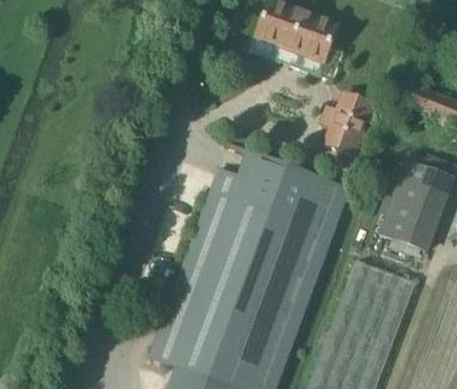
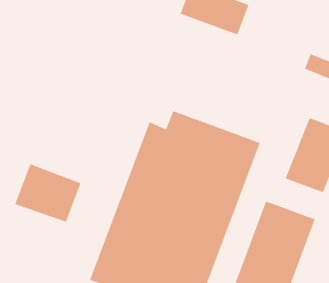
building: [326,92,373,153] -> none
building: none -> [14,164,81,223]

